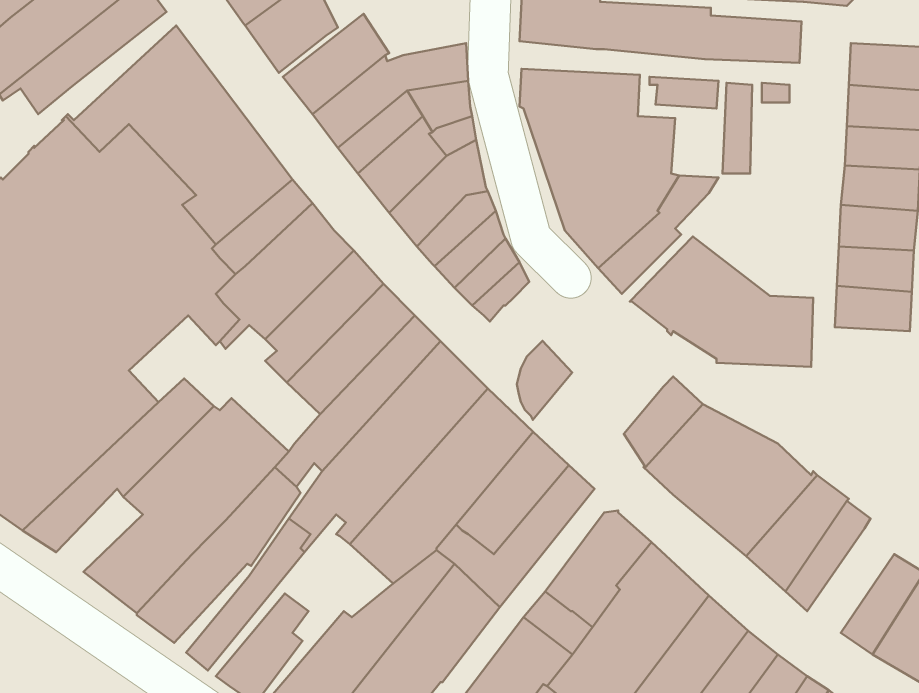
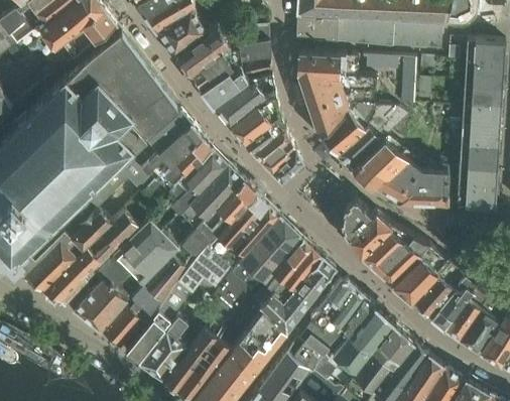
building: none -> [455,185,495,209]
building: [517,341,572,420] -> [341,199,369,240]
building: none -> [442,288,487,342]

